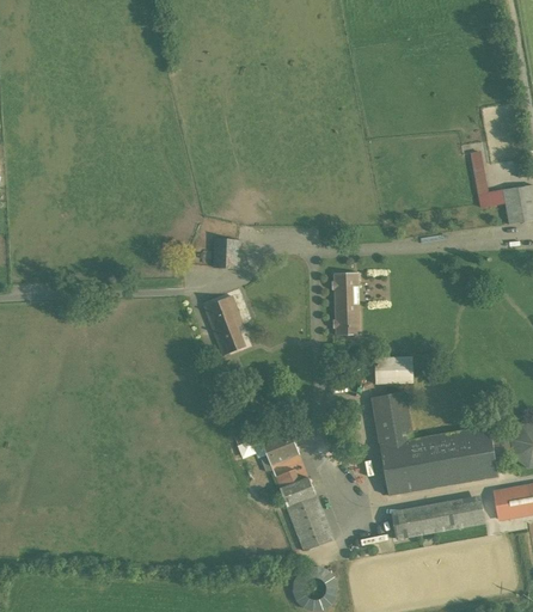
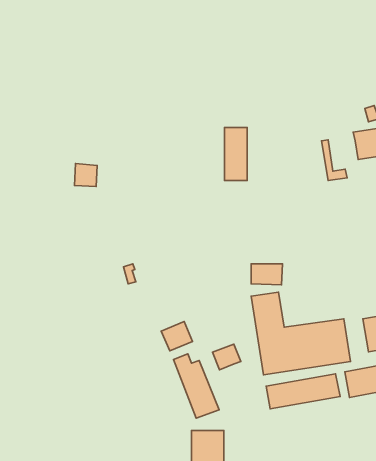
building: [471,153,503,204] -> [322,140,347,181]
building: [210,237,239,265] -> [75,164,97,186]
building: [333,269,362,336] -> [225,128,247,181]
building: [202,298,244,355] -> none
building: none -> [213,344,241,370]

